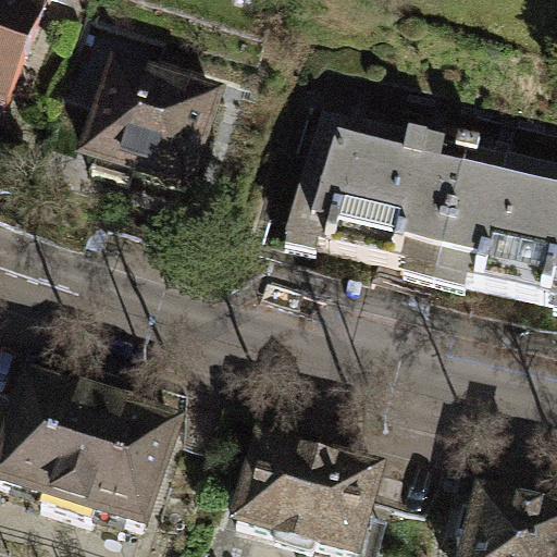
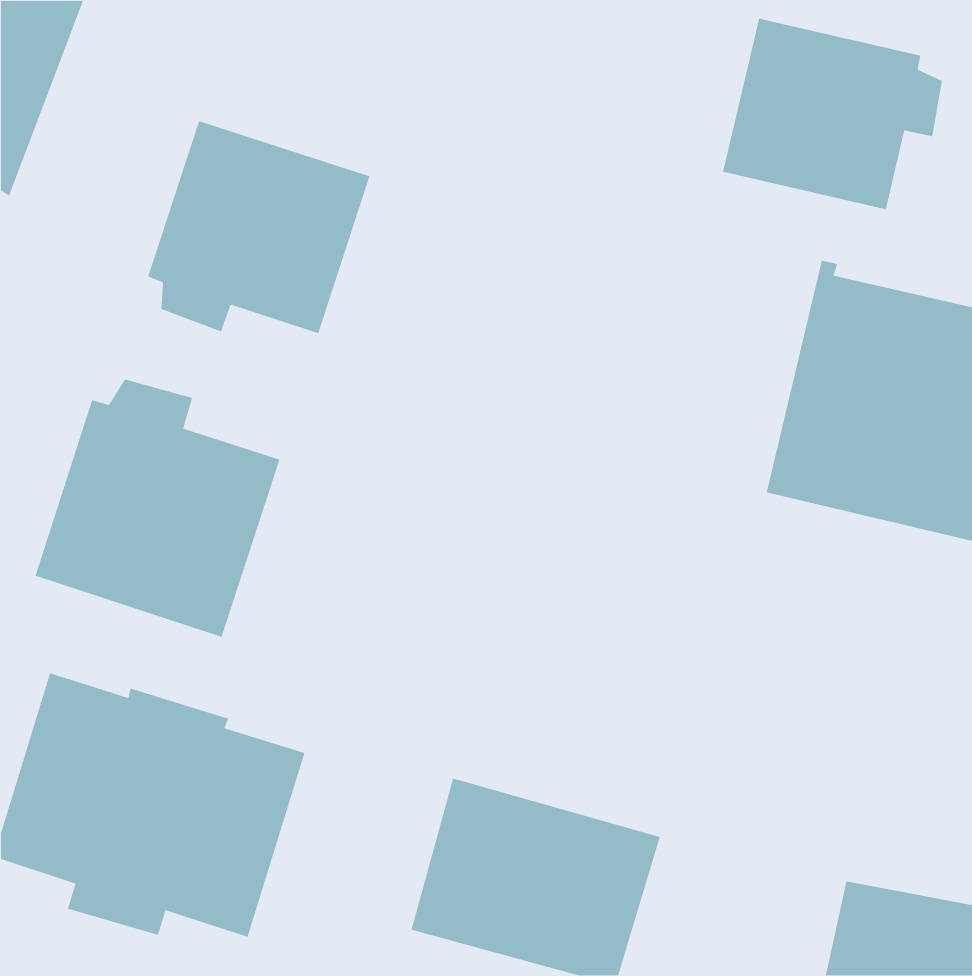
building: none -> [722,18,943,210]
building: [293,121,470,281] -> none
building: none -> [34,378,280,638]

